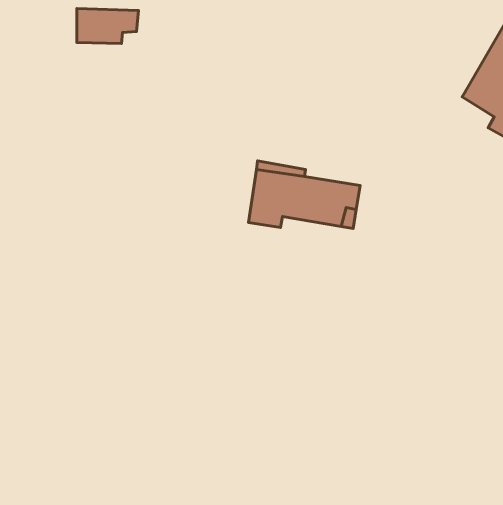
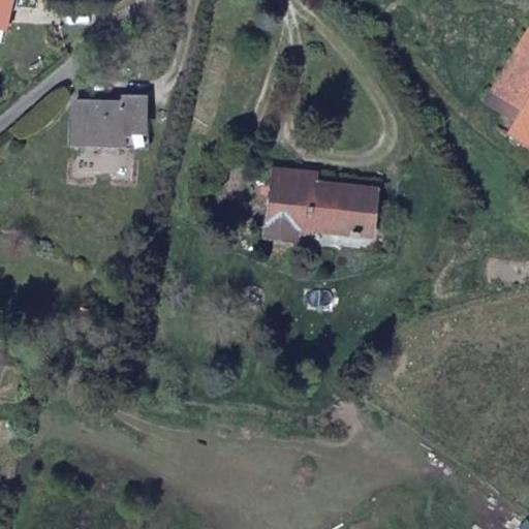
building: [77,9,139,44] -> [82,103,146,139]

